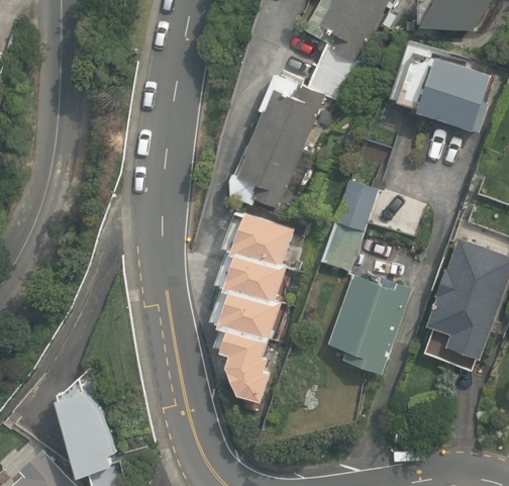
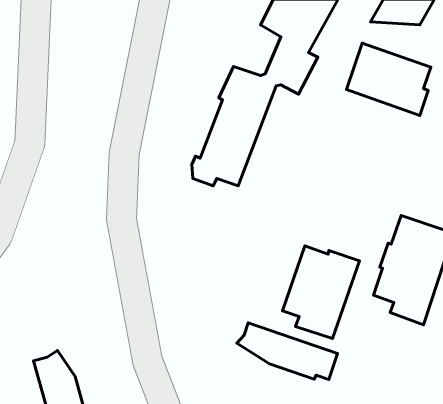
building: [321,180,378,271] -> none
building: [211,211,294,403] -> none
building: none -> [237,323,338,379]

